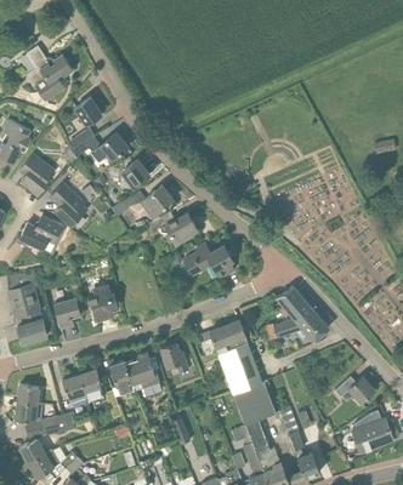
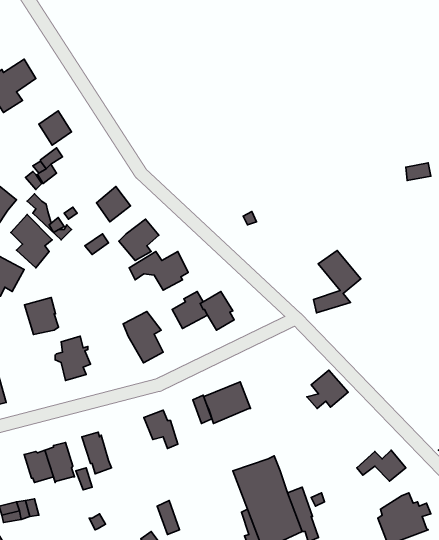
building: [91,133,127,164] -> none
building: none -> [123,312,163,363]
building: [273,287,312,338] -> [314,251,361,313]
building: [53,297,81,327] -> [25,298,59,335]
building: [217,342,262,393] -> none
building: [125,354,159,388] -> none

